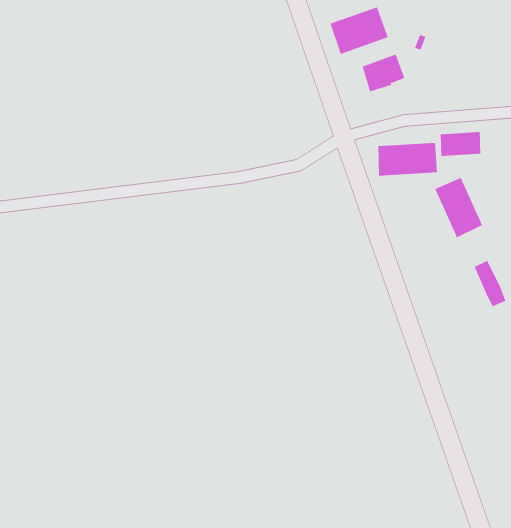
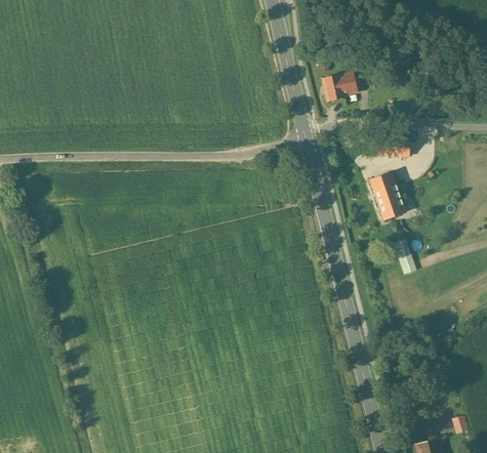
building: [330,6,389,55] -> none
building: [378,142,438,177] -> none

